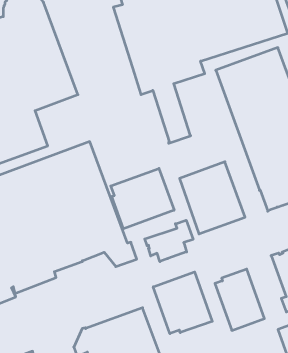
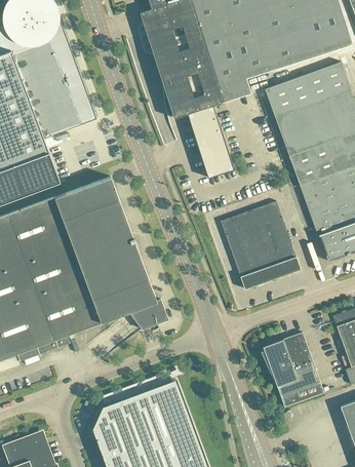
building: [111,168,174,229] -> none
building: [145,220,193,262] -> none
building: [153,272,212,334] -> none

